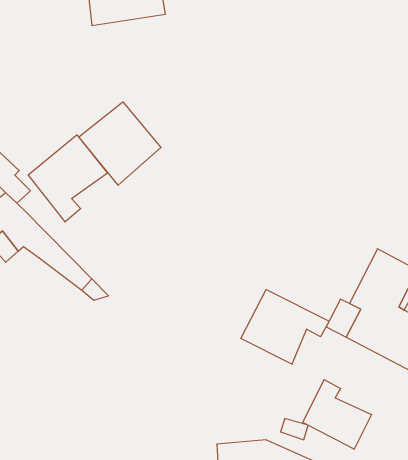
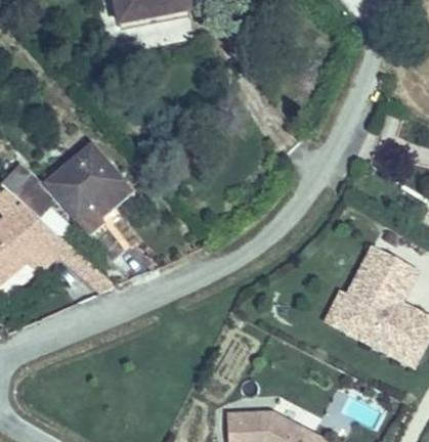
building: [79,102,161,185] -> none
building: [241,290,329,364] -> none
building: [303,380,372,449] -> none

